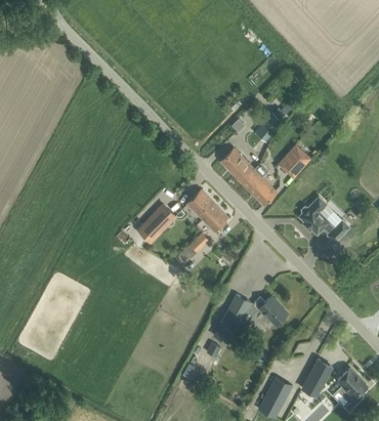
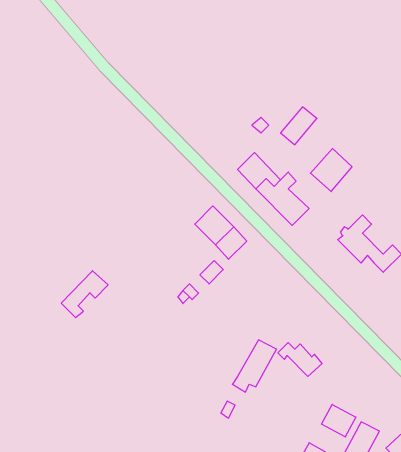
building: [138,205,175,242] -> [61,271,108,318]
building: none -> [322,404,356,437]

